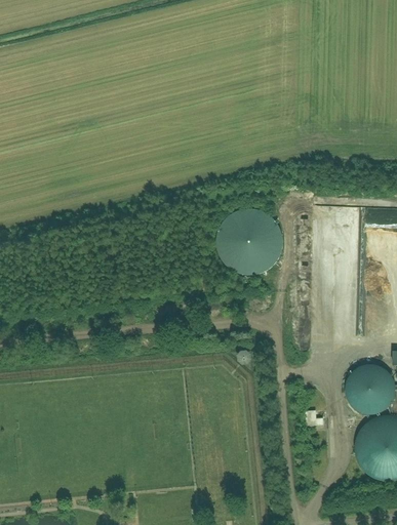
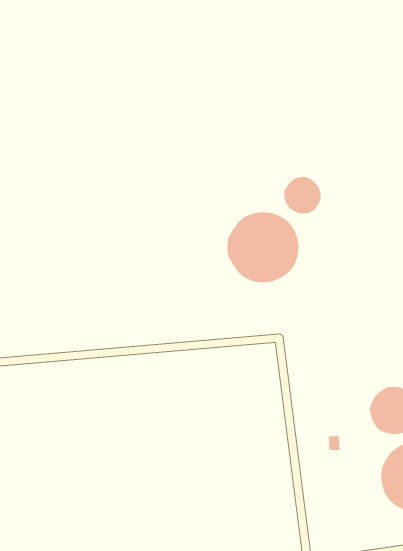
building: none -> [283,176,322,214]

